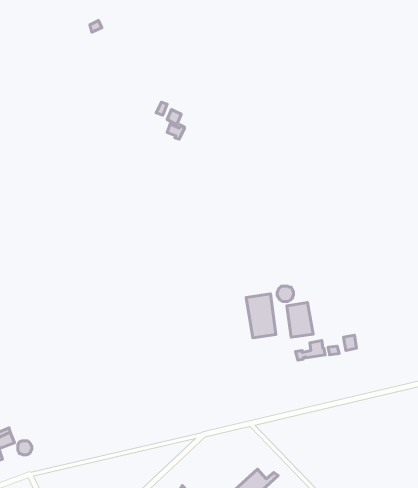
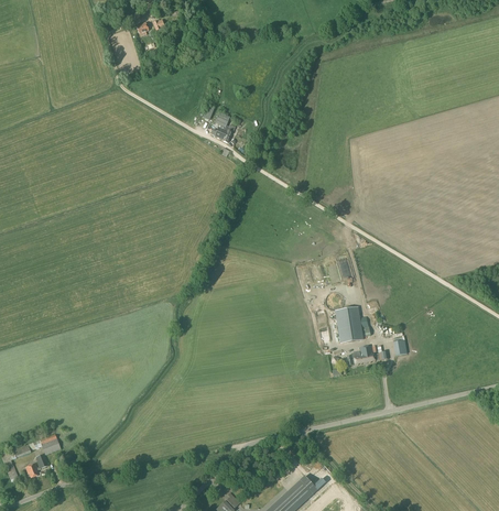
building: [246,294,276,338] -> none

